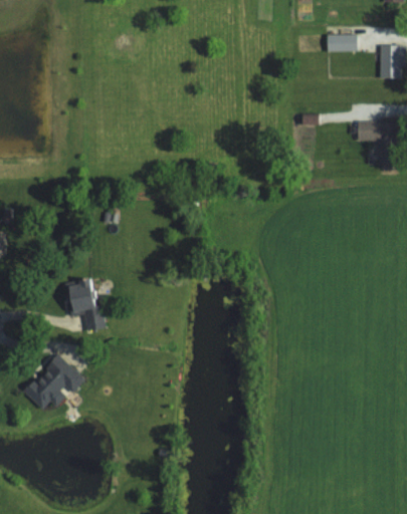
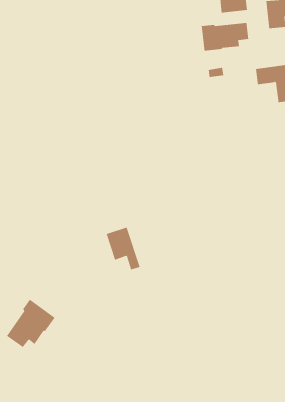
building: none -> [201,22,249,52]
building: [65,278,100,329] -> [106,227,141,270]

